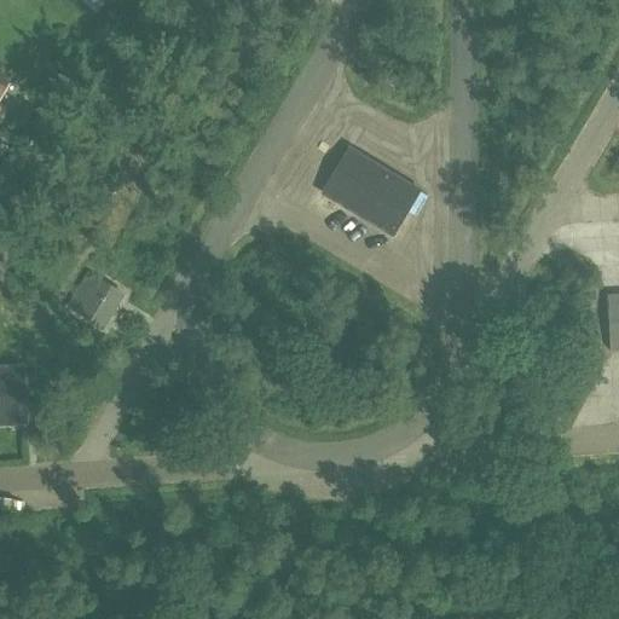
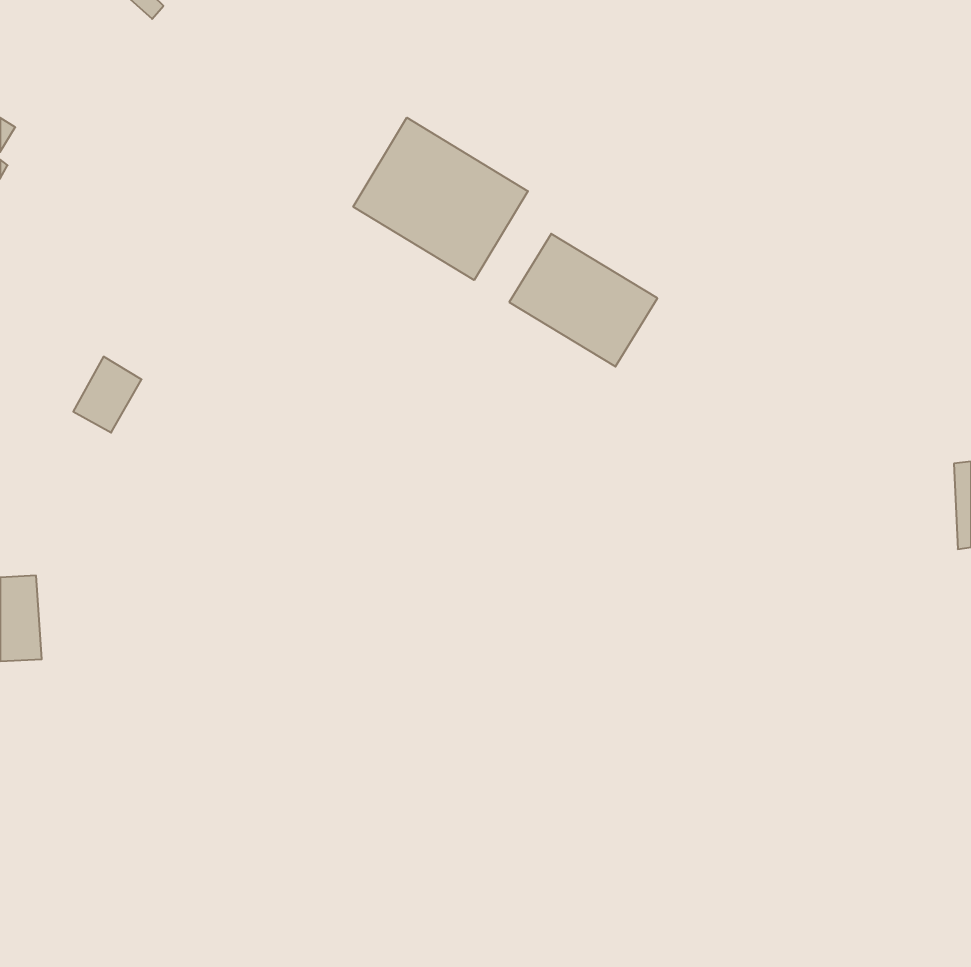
building: none -> [353,118,528,280]
building: [79,278,122,326] -> [73,357,142,433]

